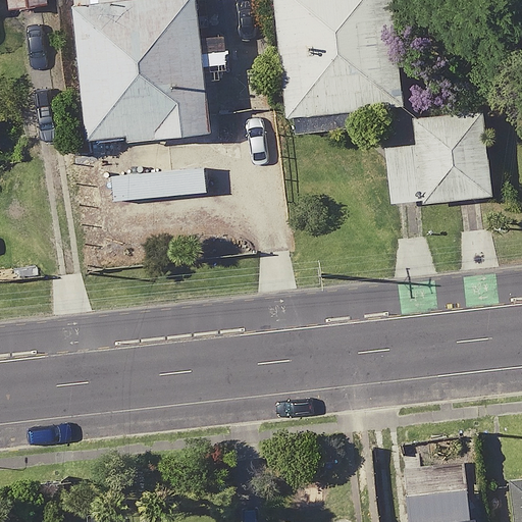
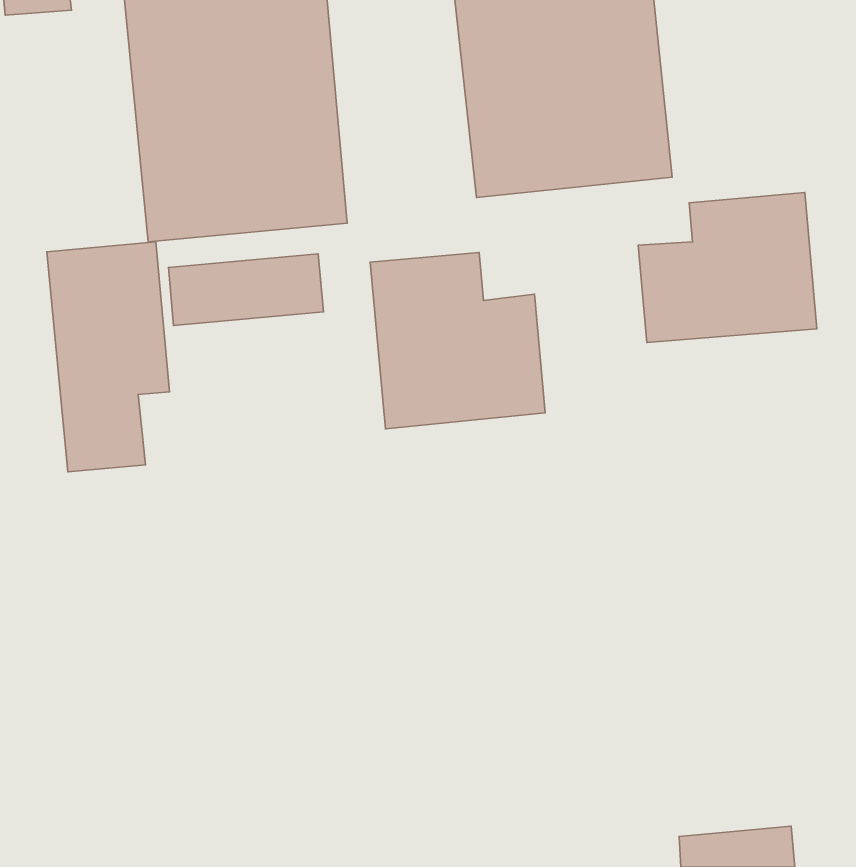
building: none -> [47,242,169,472]
building: none -> [370,252,545,429]

